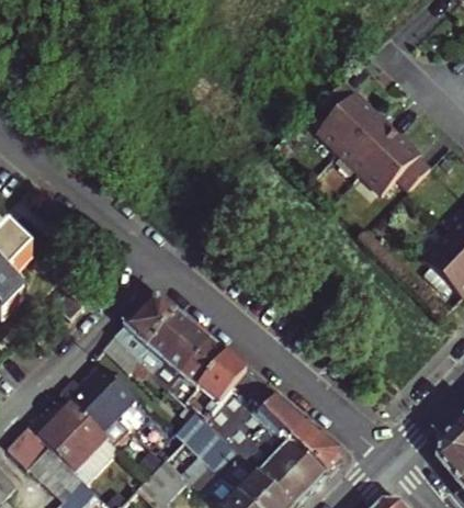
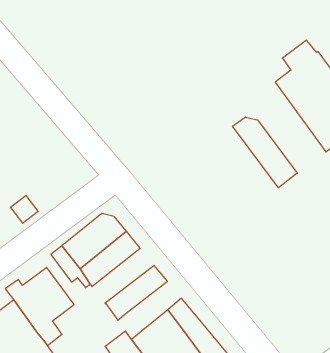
building: none -> [233,117,297,188]
building: [156,327,217,391] -> none
building: [196,357,251,414] -> none

